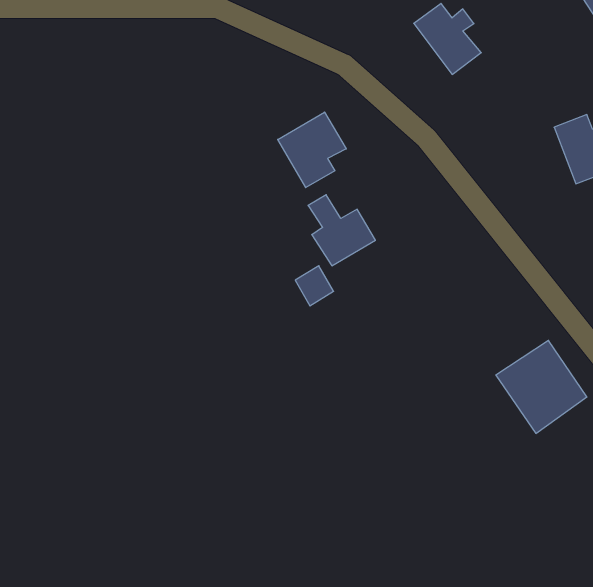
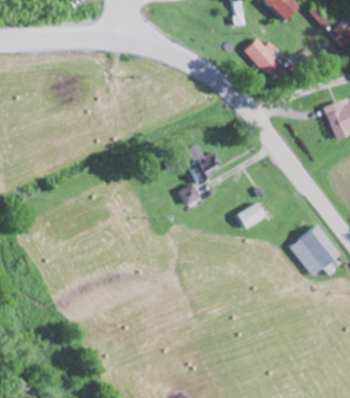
building: [278,112,346,188] -> none
building: none -> [235,202,265,228]

